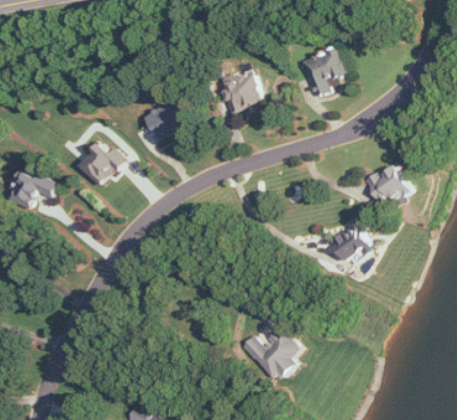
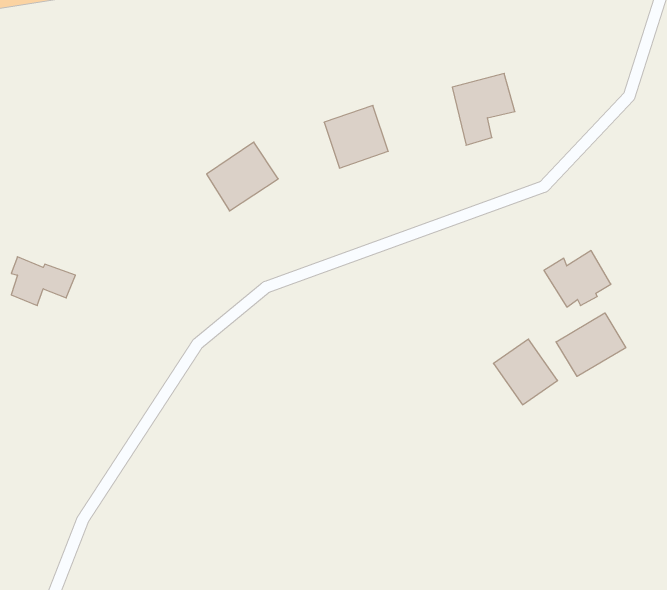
building: [76,142,124,185] -> none
building: none -> [556,313,626,376]
building: [240,327,301,375] -> none

